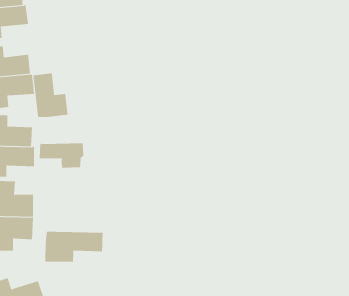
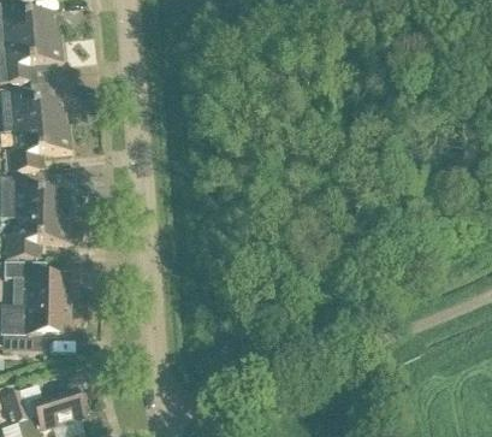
building: [33,73,68,118] -> none
building: [39,143,84,168] -> none
building: [45,231,103,263] -> none

